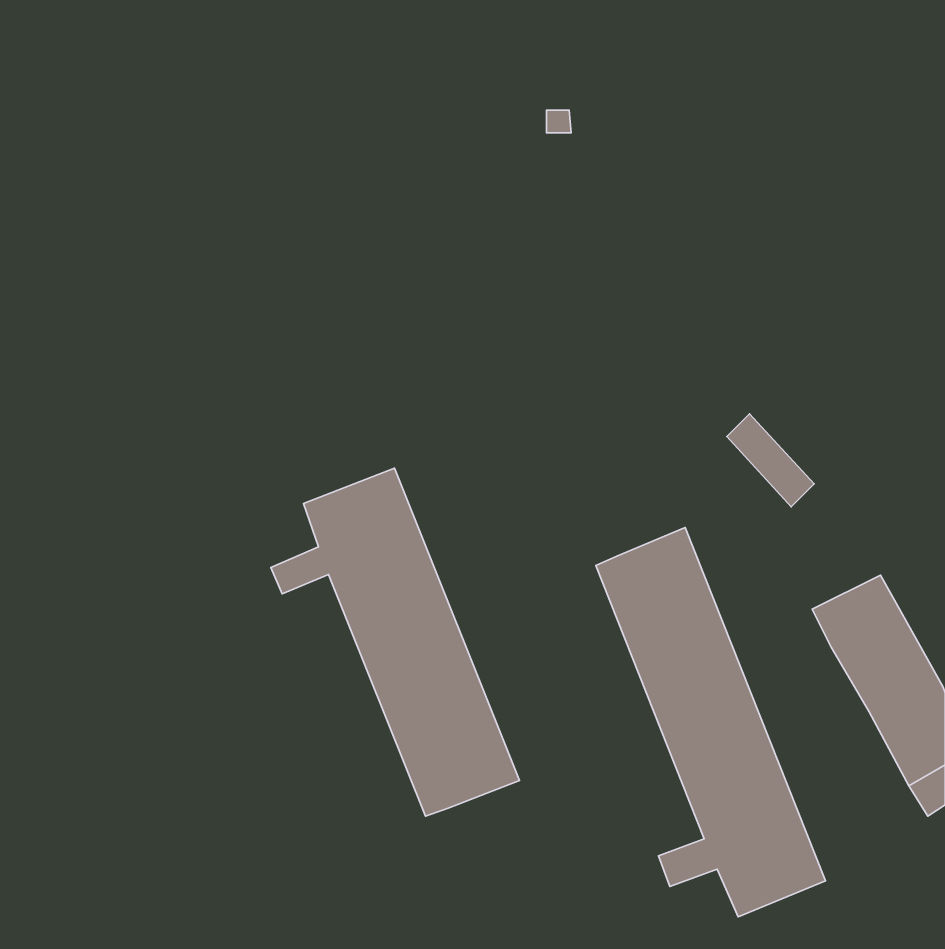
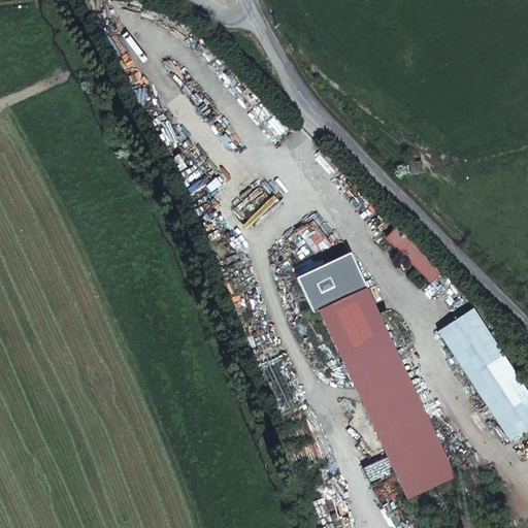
building: none -> [302,252,372,309]
building: [271,468,520,816] -> none

